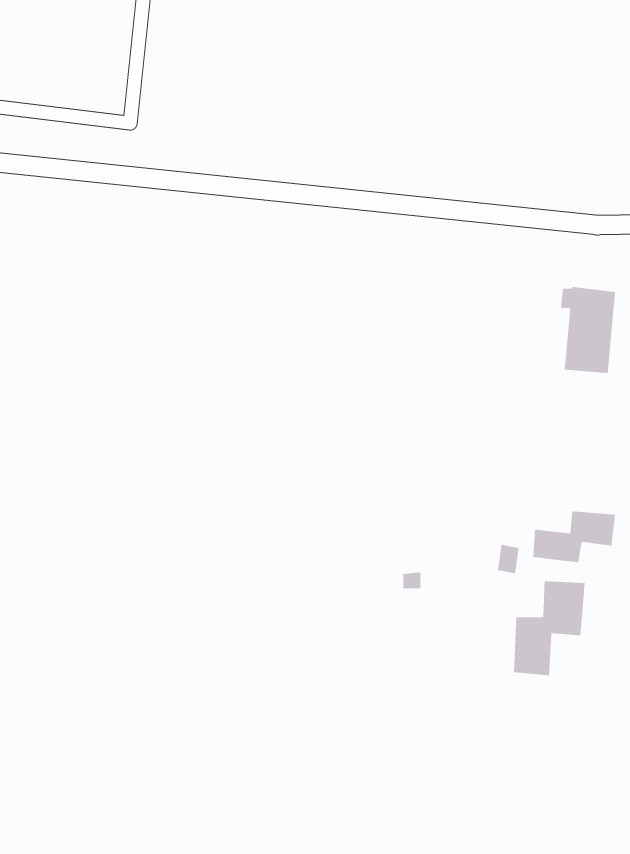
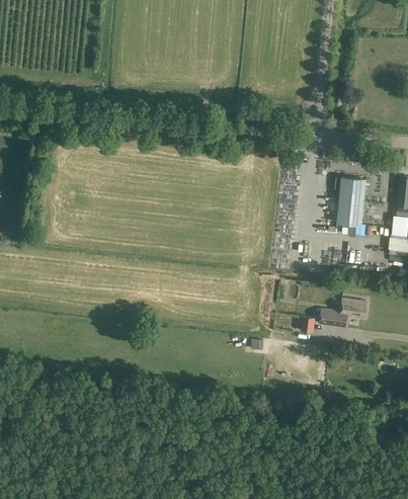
building: [513,580,585,676] -> none

